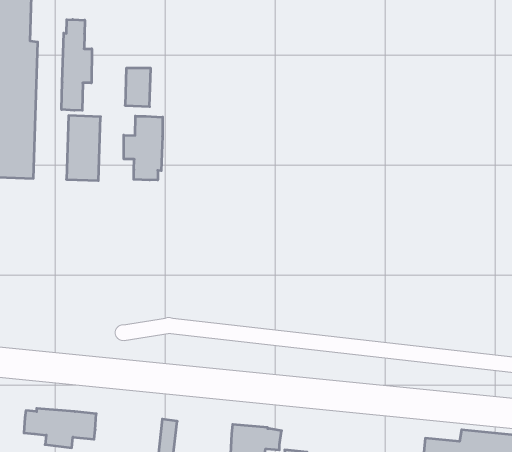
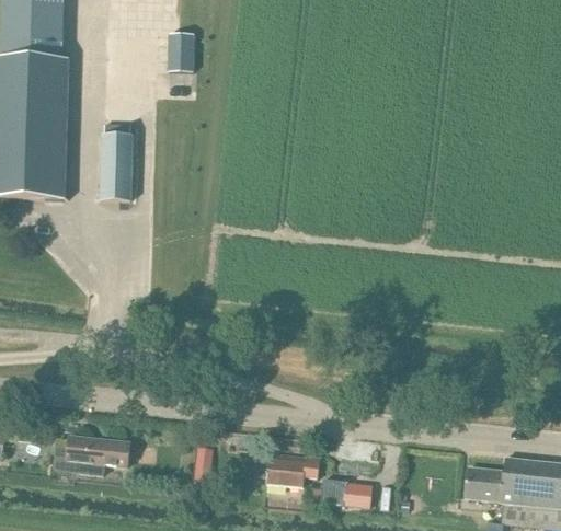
building: [62,19,92,110] -> none
building: [125,68,151,107] -> [168,33,194,72]
building: [124,116,163,180] -> none

